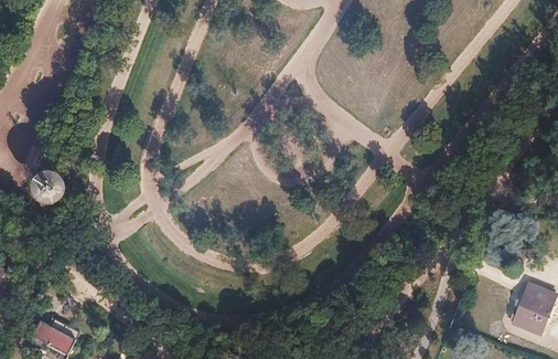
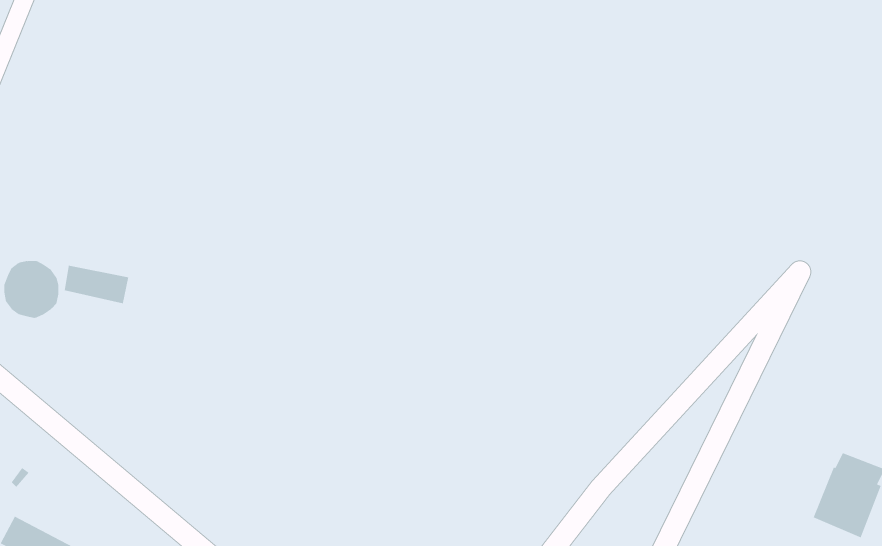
building: none -> [64,265,129,304]

